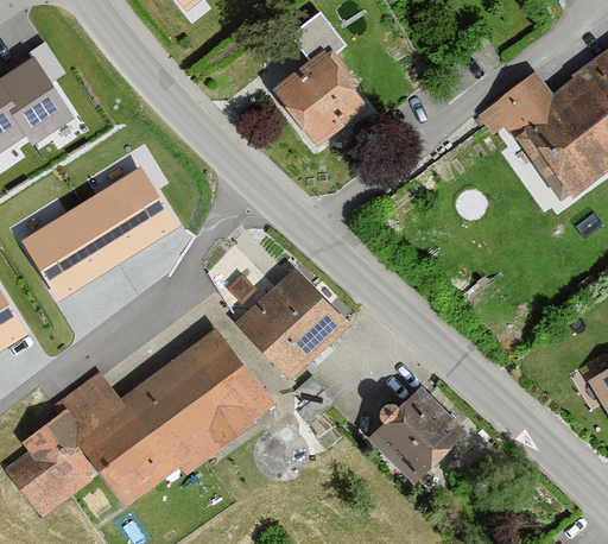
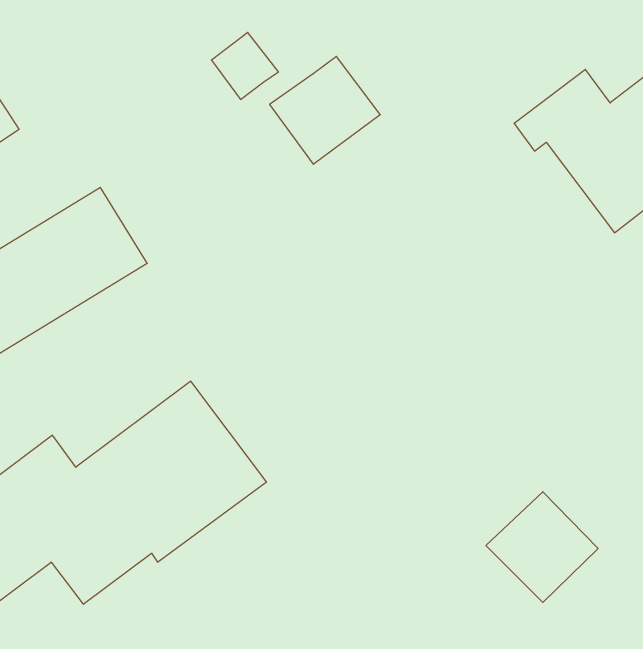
building: [290,18,344,72] -> [211,32,278,99]
building: [235,265,348,377] -> none
building: [367,390,458,480] -> [486,492,598,602]

